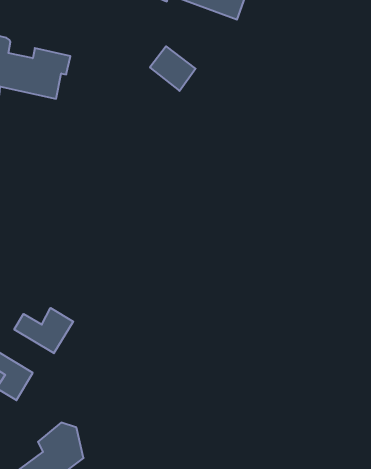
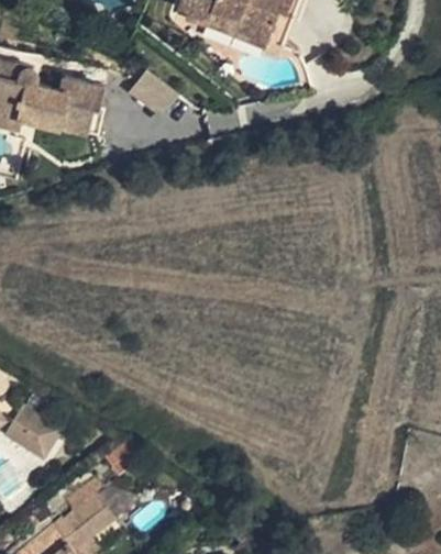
building: [150,46,196,91] -> [128,68,177,117]
building: [14,308,73,353] -> none

